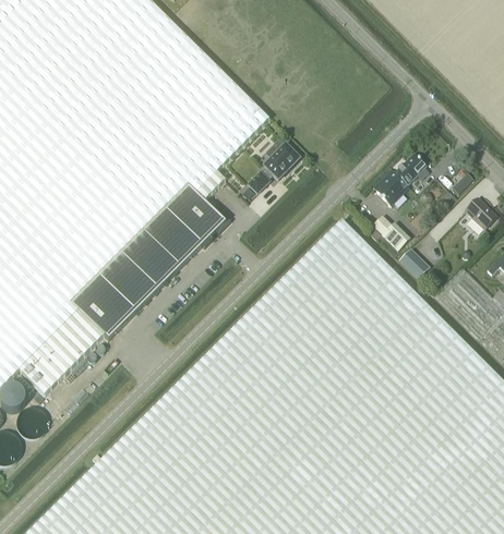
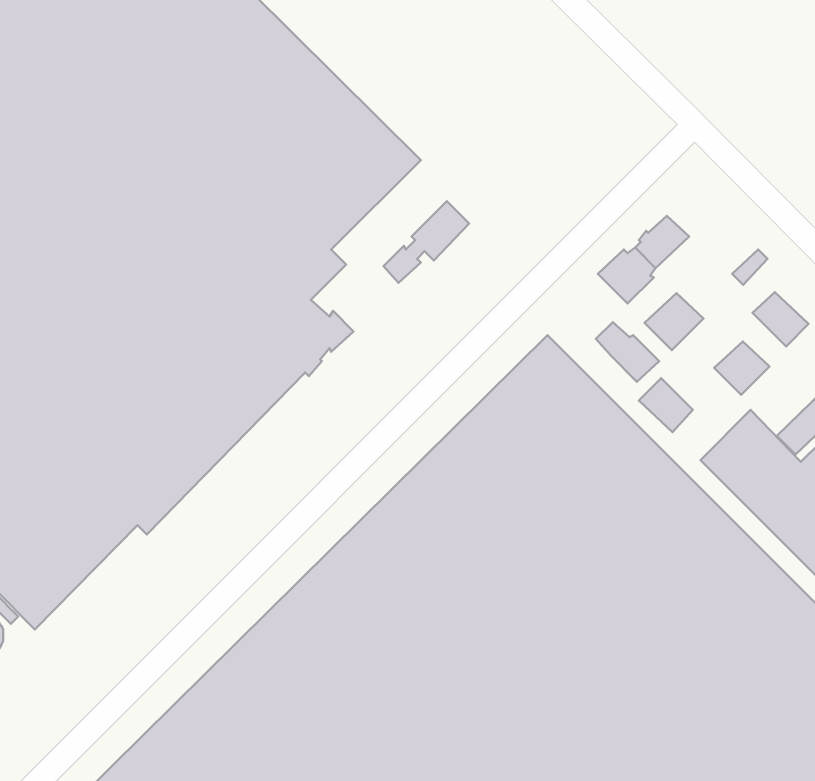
building: none -> [644,293,704,350]
building: none -> [714,342,769,395]

